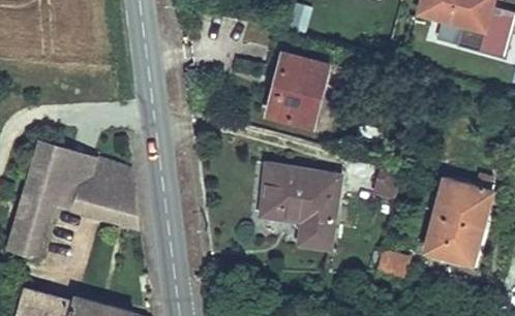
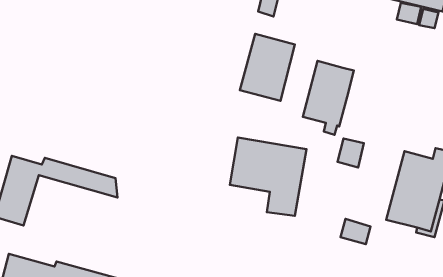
building: none -> [303,61,354,135]
building: [25,140,135,208] -> none

